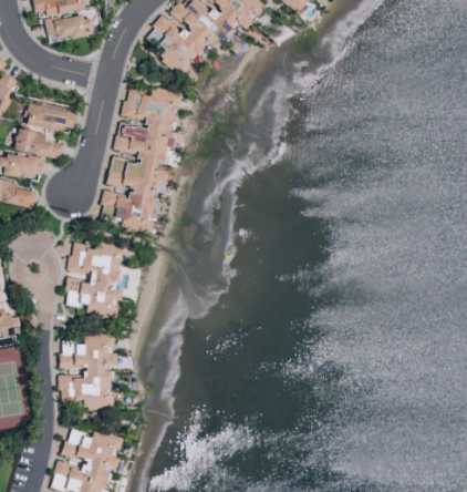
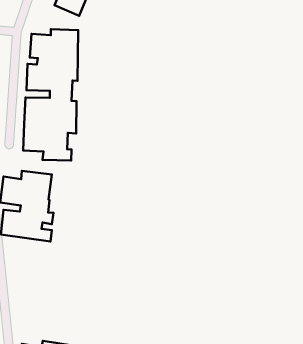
building: [59,331,118,411] -> none

